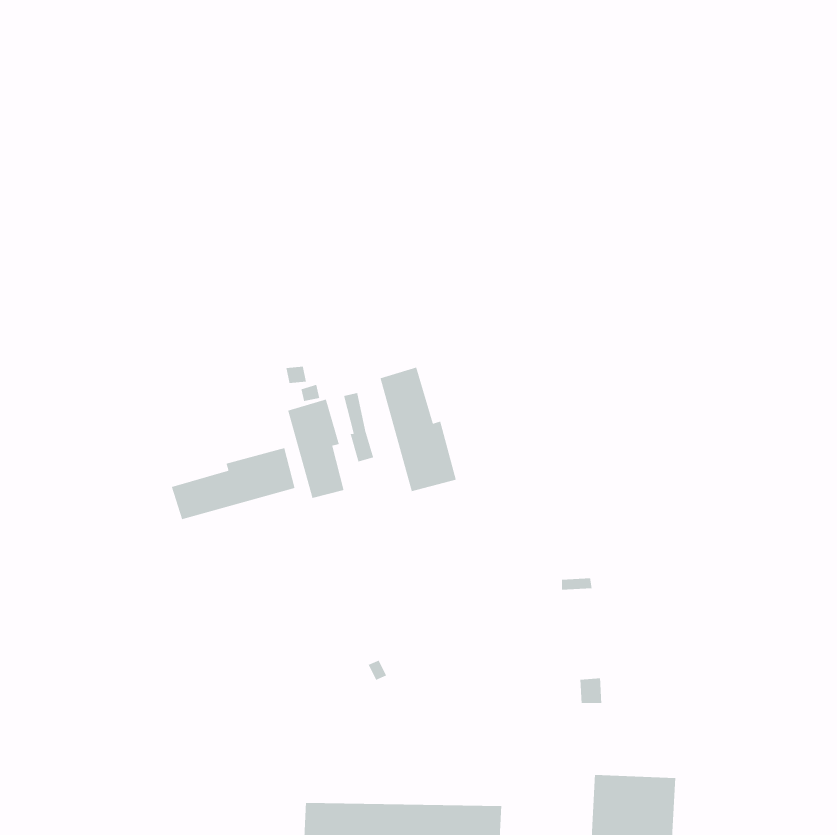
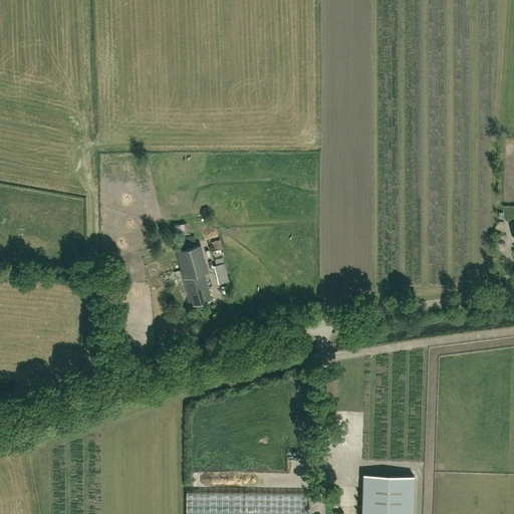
building: [380,366,457,492] -> none
building: [171,447,296,520] -> none

